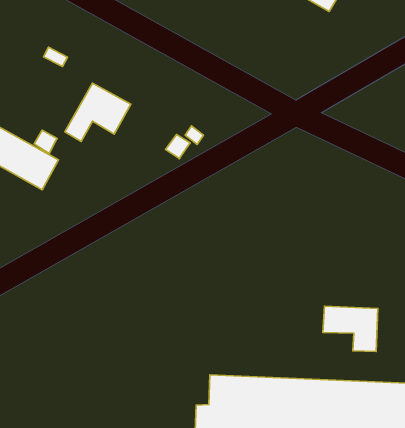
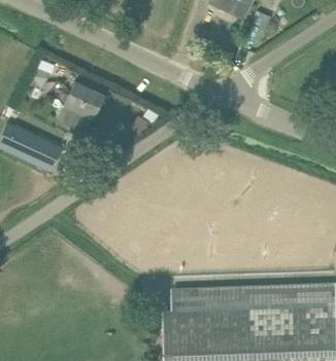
building: [323,306,378,352] -> none

